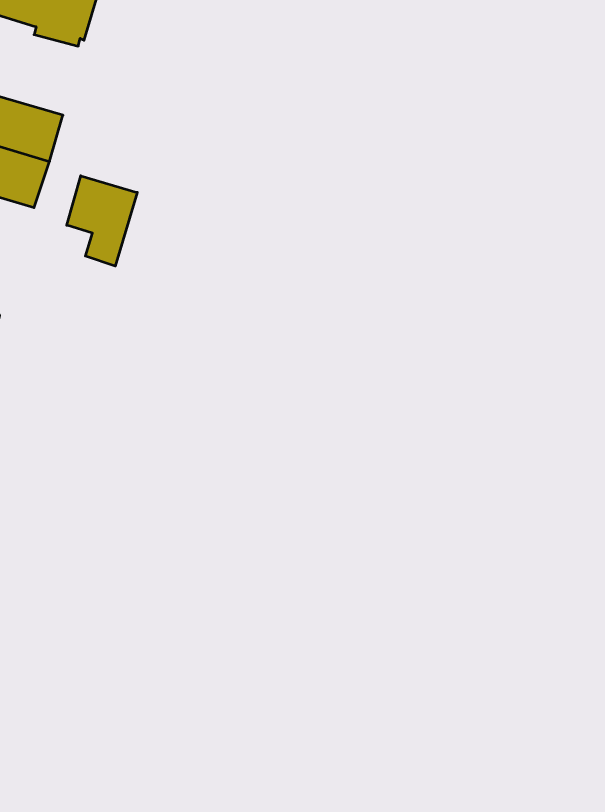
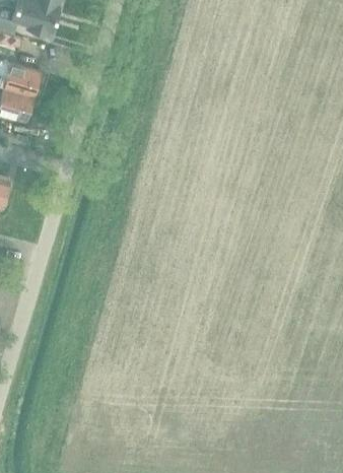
building: [67,176,137,266] -> none

